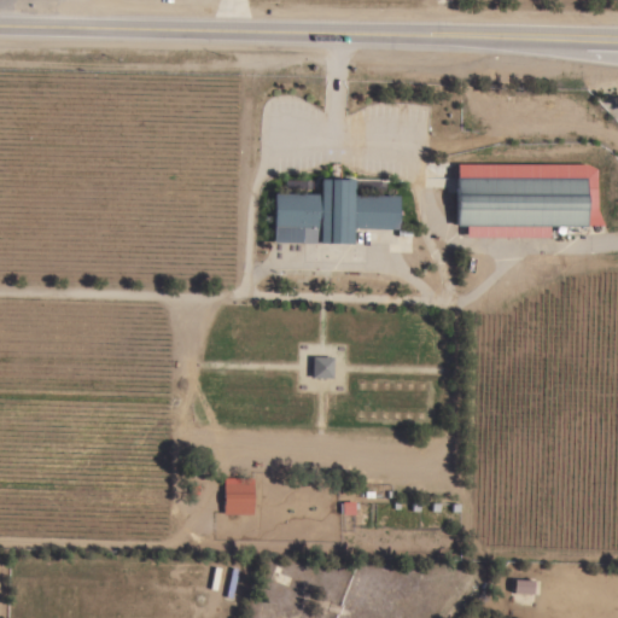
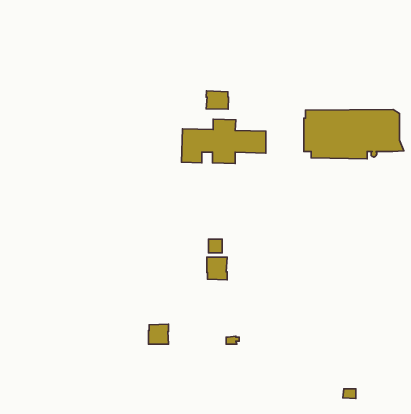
building: none -> [206,91,229,109]
building: none -> [207,257,227,280]

